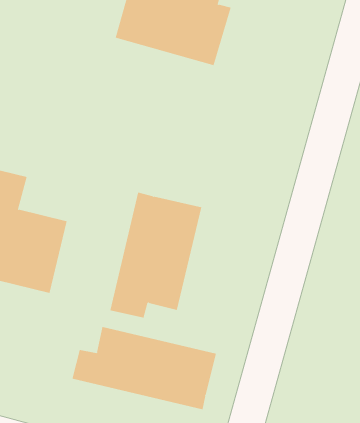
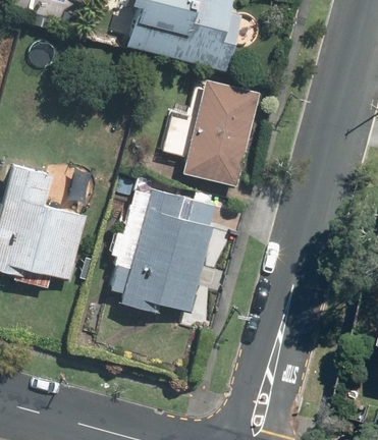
building: none -> [164,85,252,181]
building: [72,326,217,410] -> none

